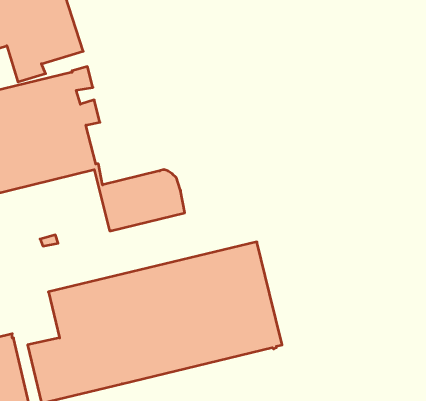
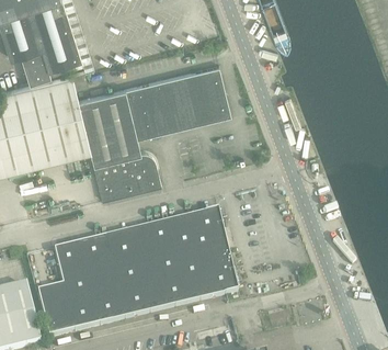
building: none -> [82,65,230,162]

